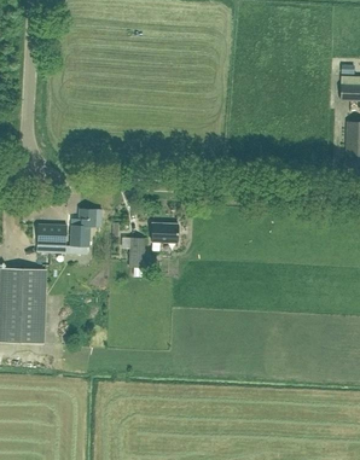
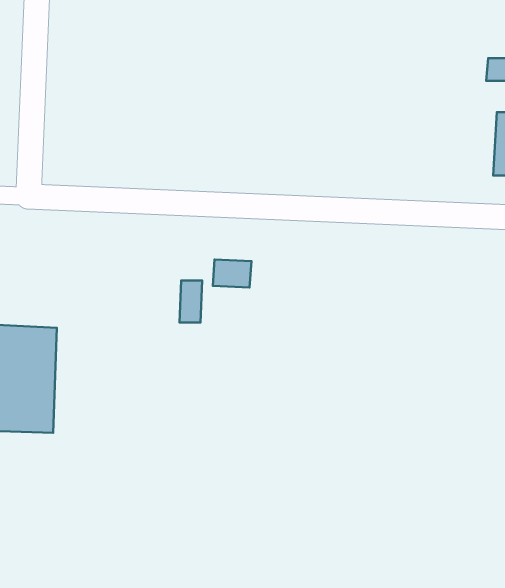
building: [70,208,98,246] -> none
building: [36,222,65,245] -> none

